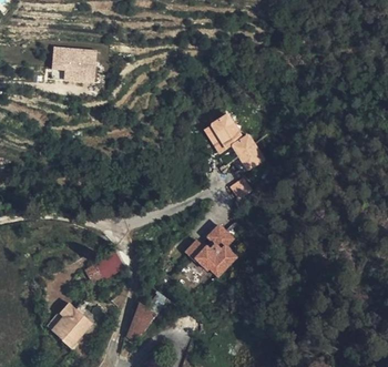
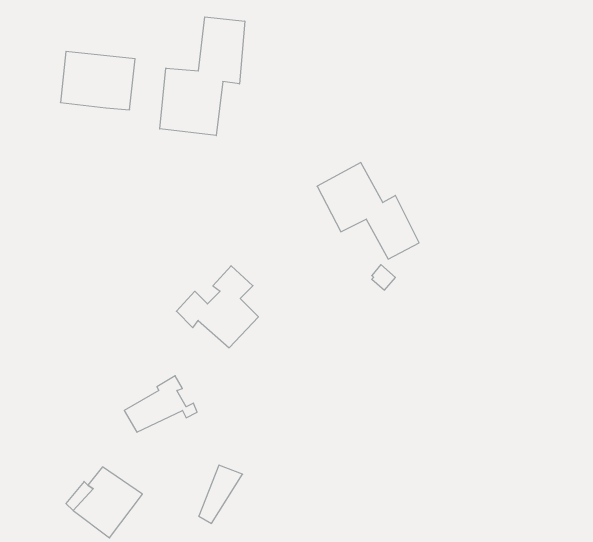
building: none -> [160,17,245,136]
building: [186,221,236,271] -> [176,266,258,348]

